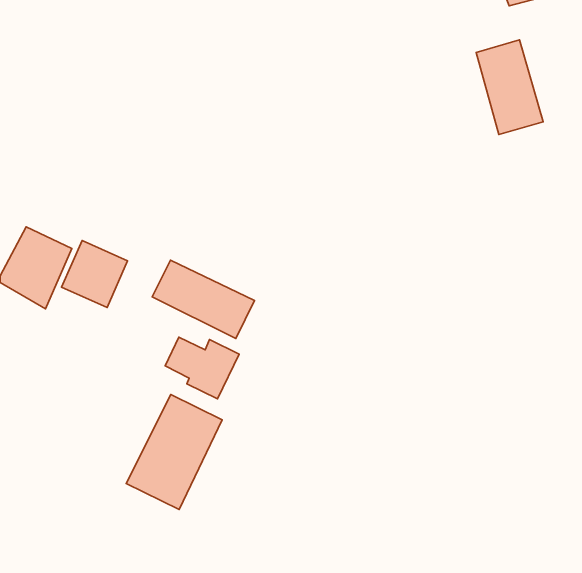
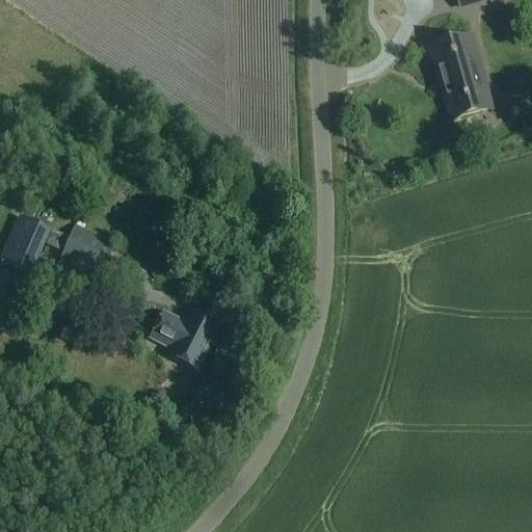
building: [152,260,254,339] -> none
building: [126,394,222,509] -> none

